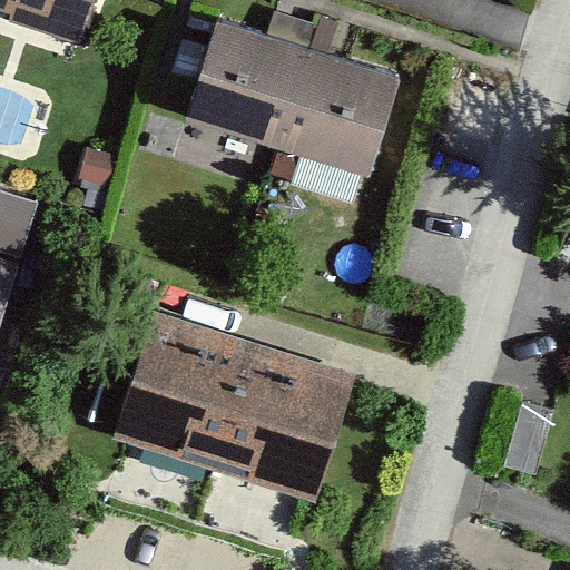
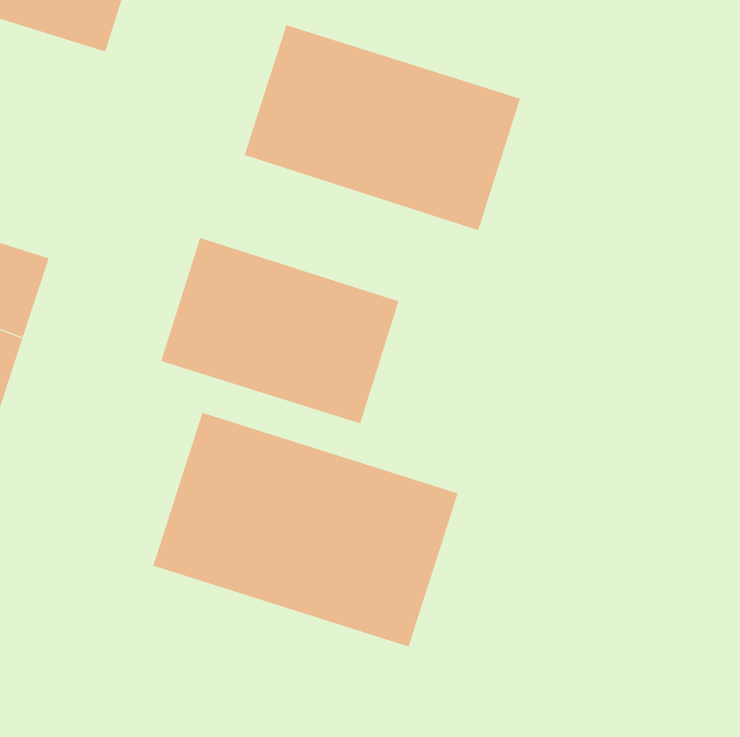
building: none -> [160,237,399,424]

